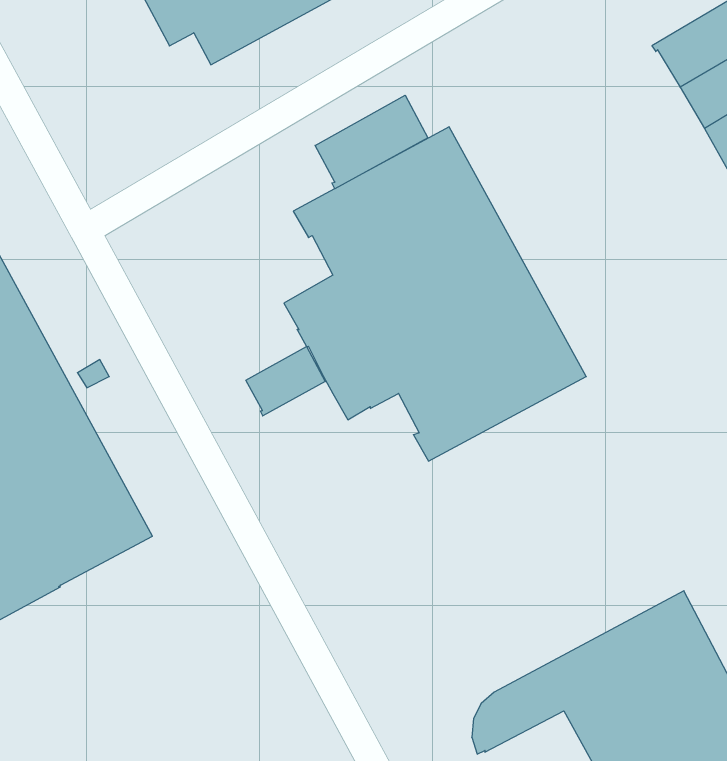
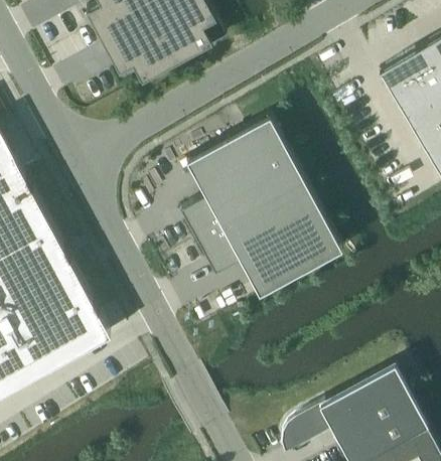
building: [315,95,428,189] -> none
building: [246,346,325,416] -> none

